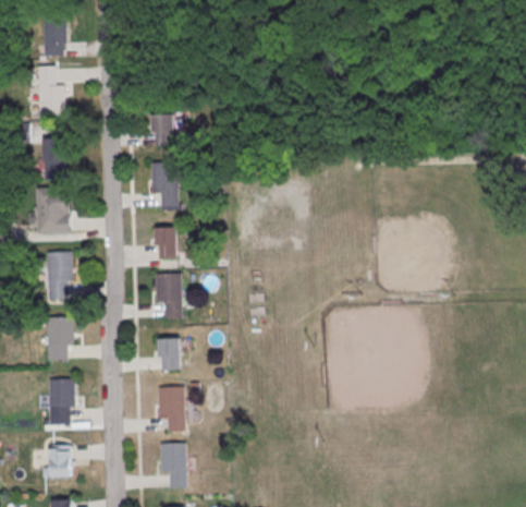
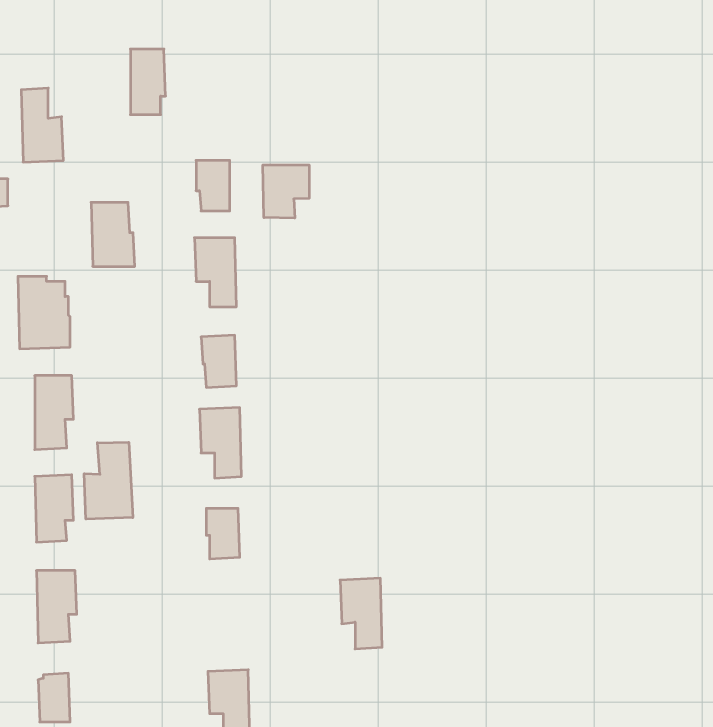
building: [42,13,65,56] -> [130,49,166,115]
building: none -> [263,165,309,218]
building: [41,137,70,179] -> [91,202,135,266]
building: none -> [84,442,133,519]
building: [157,386,184,432] -> [340,578,382,649]

